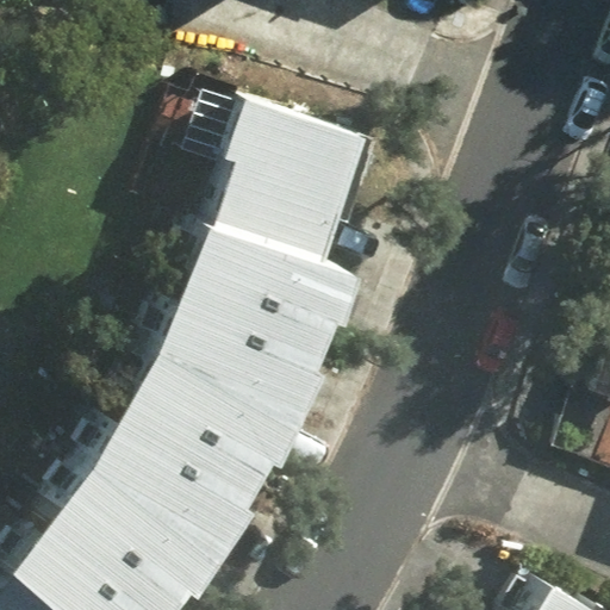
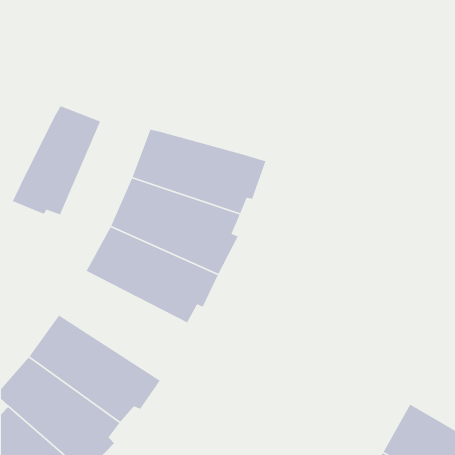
building: [229,74,374,219] -> none
building: none -> [12,105,101,215]
building: [95,371,262,512] -> none

